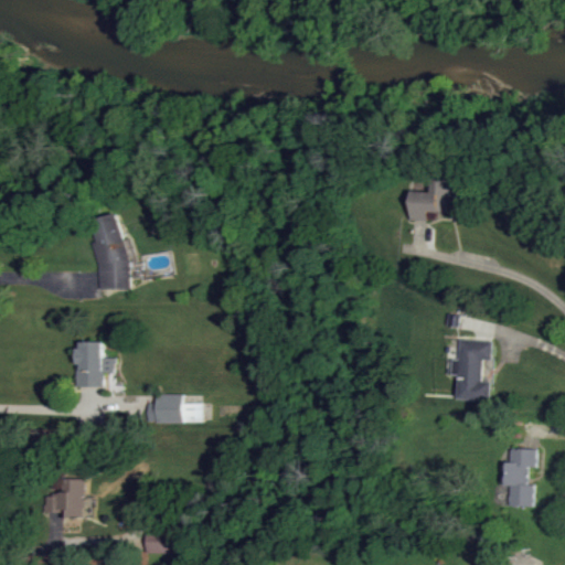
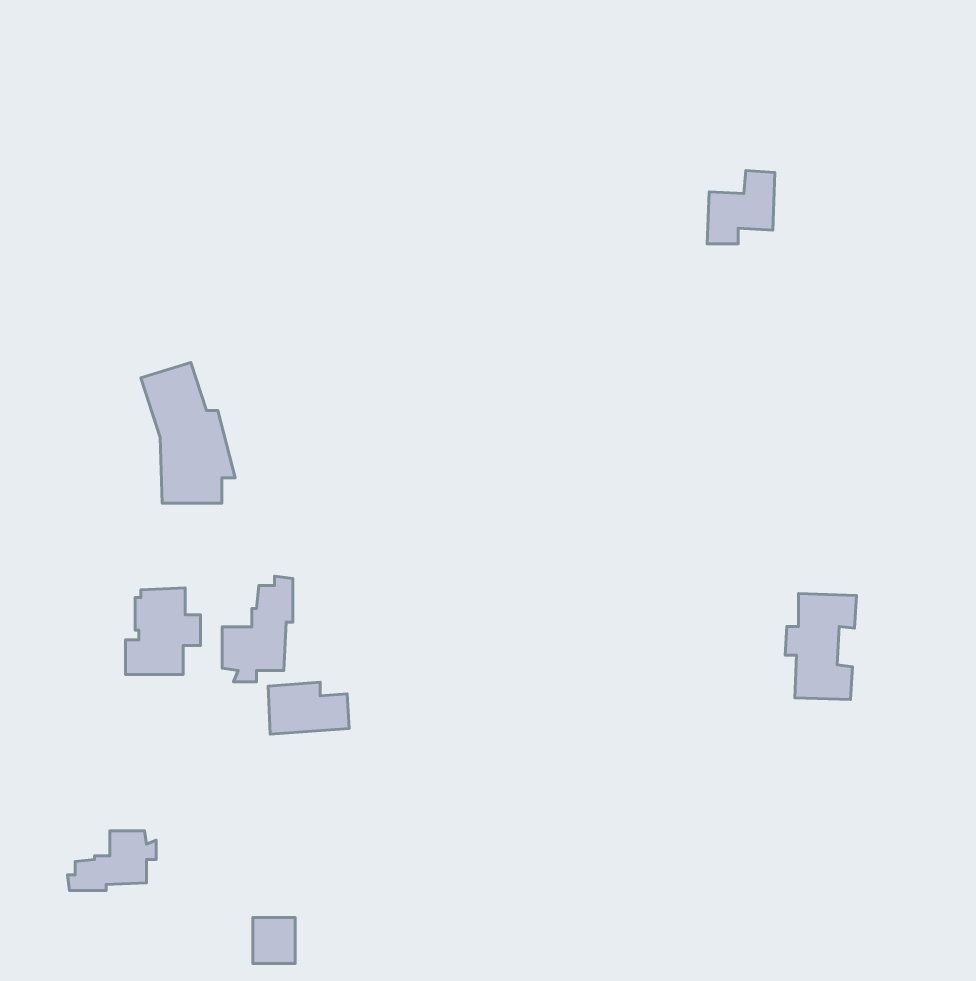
building: [407,180,446,222] -> [707,170,775,244]
building: none -> [222,576,293,682]
building: [502,450,534,509] -> none

